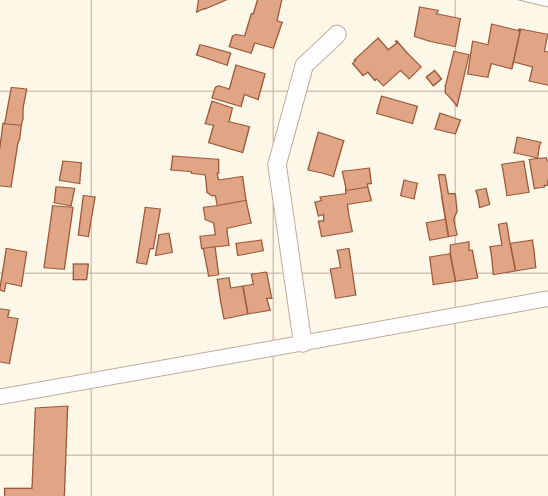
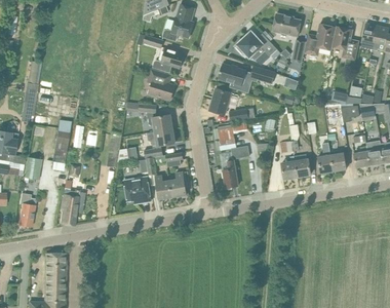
building: none -> [219,63,245,89]
building: none -> [124,177,151,202]
building: none -> [61,180,84,225]

